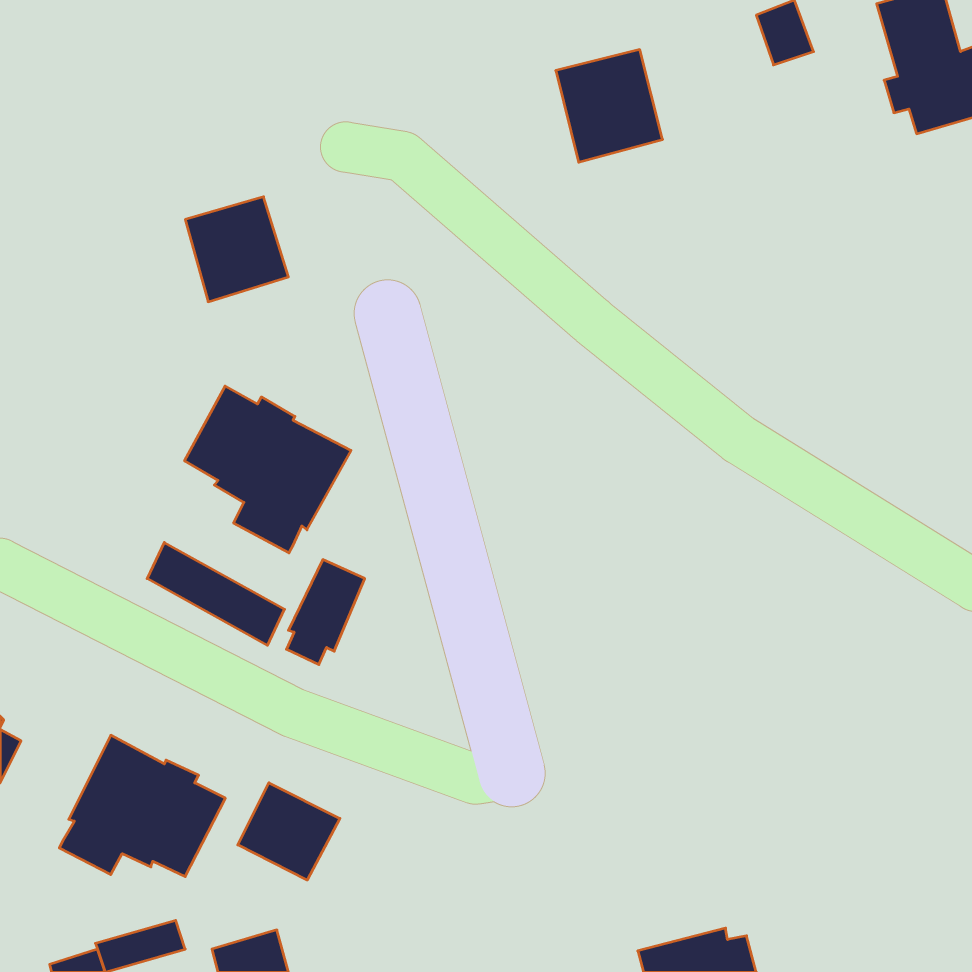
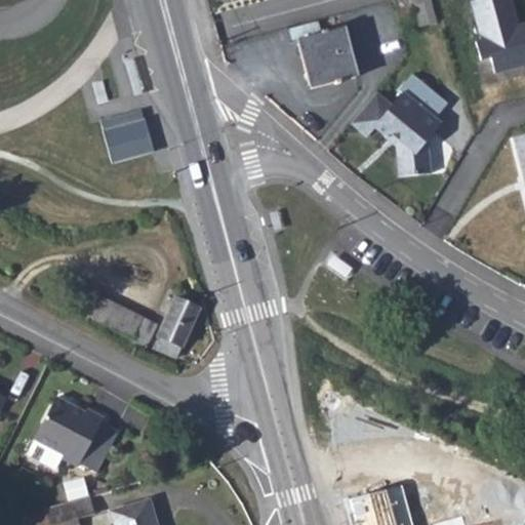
building: none -> [353,73,448,175]
building: [185,386,351,553] -> none
building: [238,783,340,880] -> none

